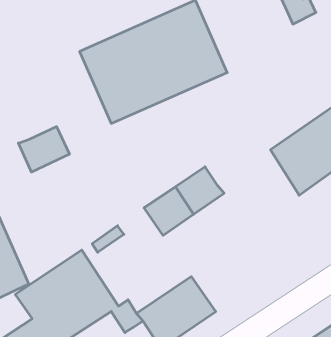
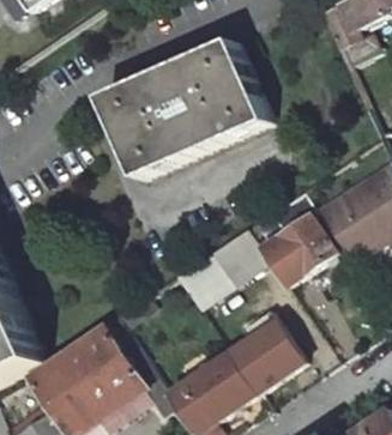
building: [18,127,69,172] -> none
building: none -> [257,192,330,286]
building: none -> [227,312,300,394]

